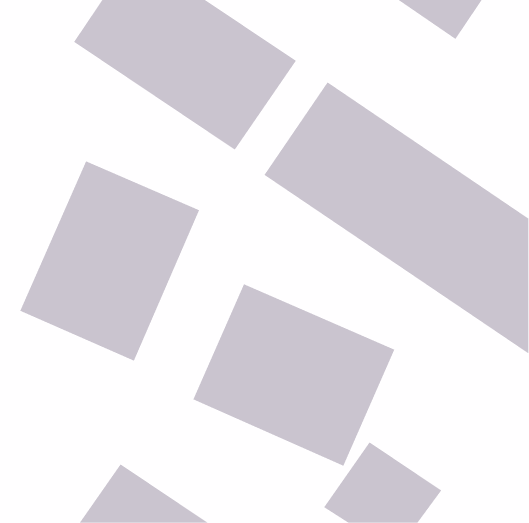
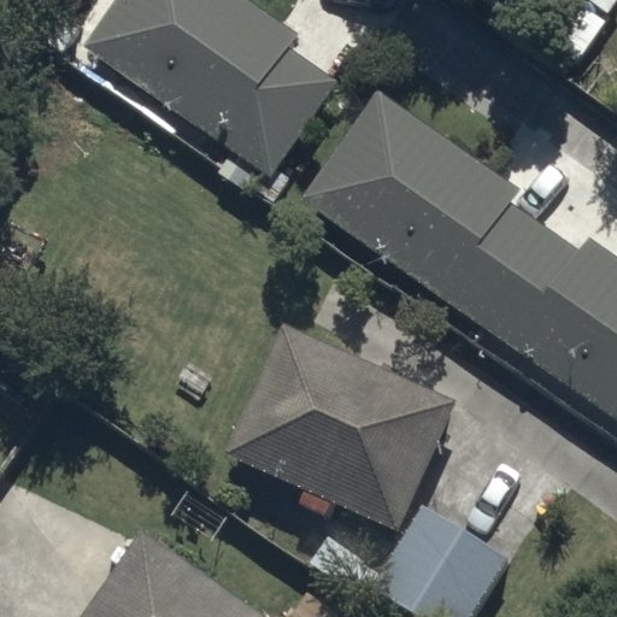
building: [20,160,200,361] -> none

